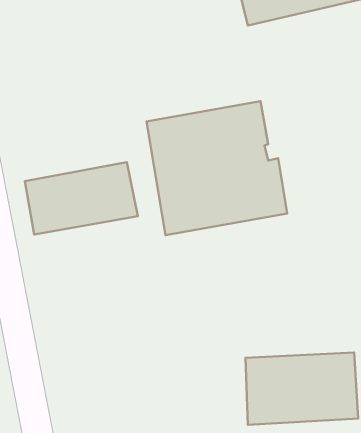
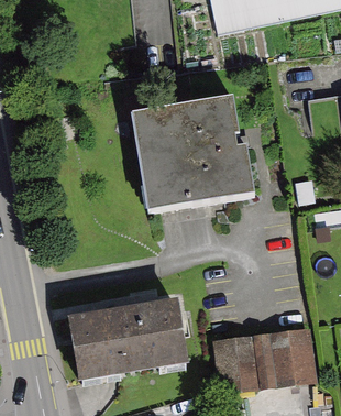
building: [25,162,138,235] -> none
building: none -> [69,304,187,382]

